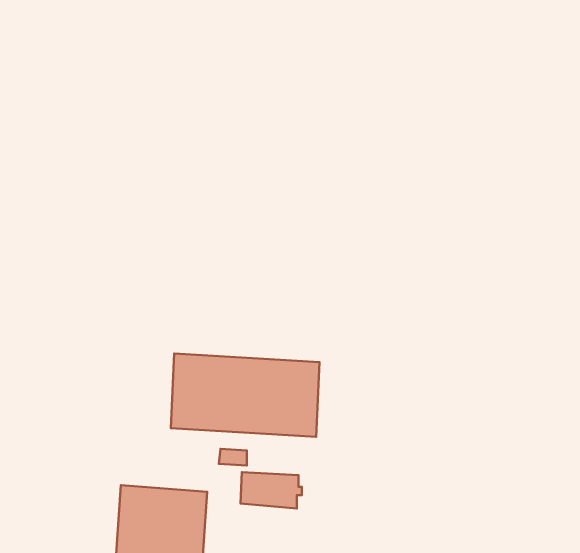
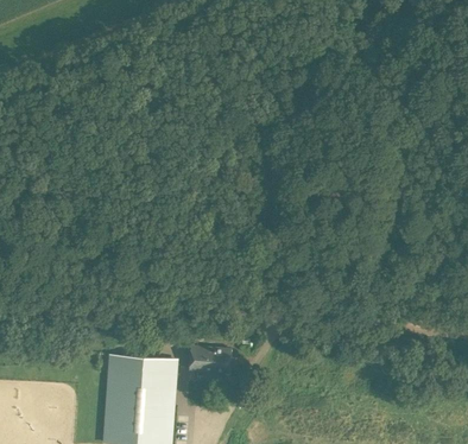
building: [171,354,319,437] -> none

